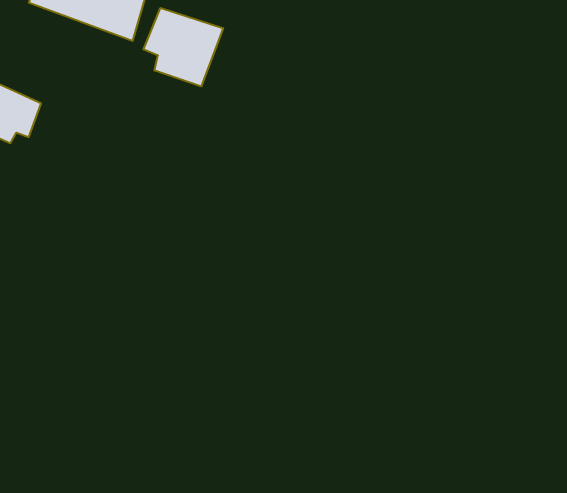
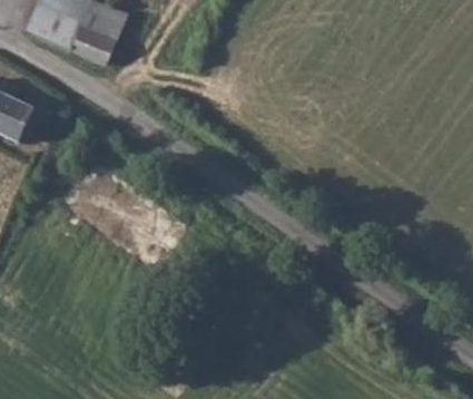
building: [144,8,223,86] -> none

